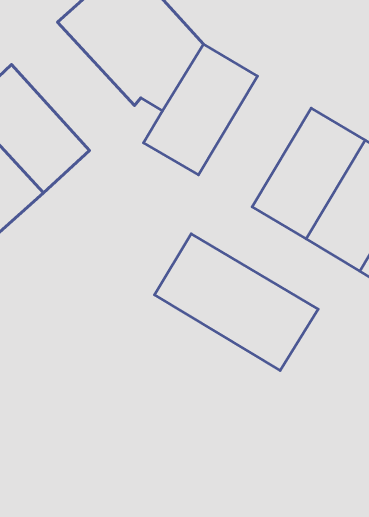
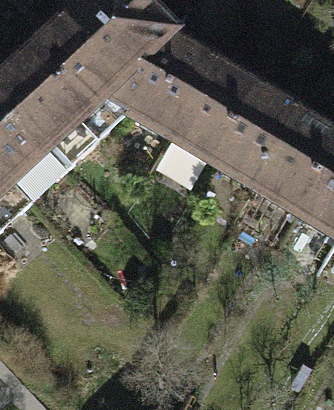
building: none -> [25,18,143,118]
building: none -> [171,60,259,162]
building: [155,234,318,371] -> none

